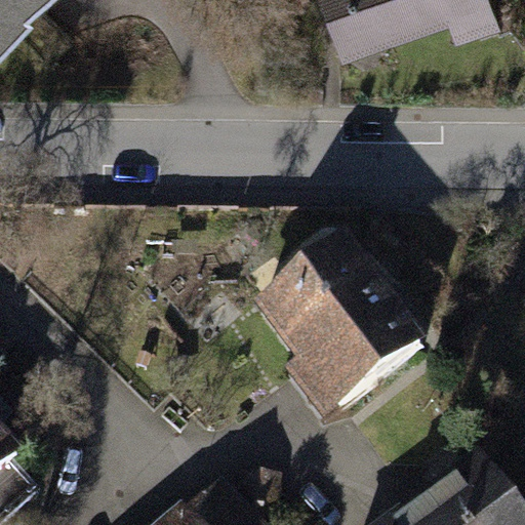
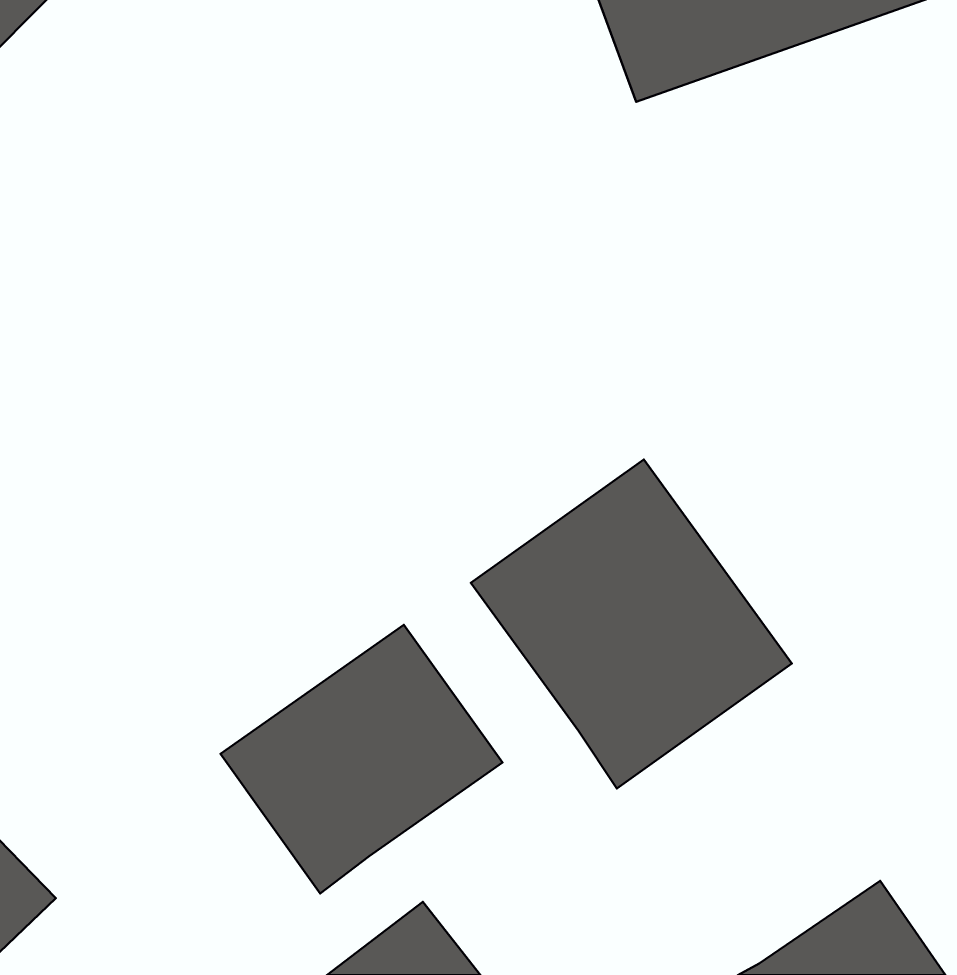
building: none -> [220,625,502,893]

